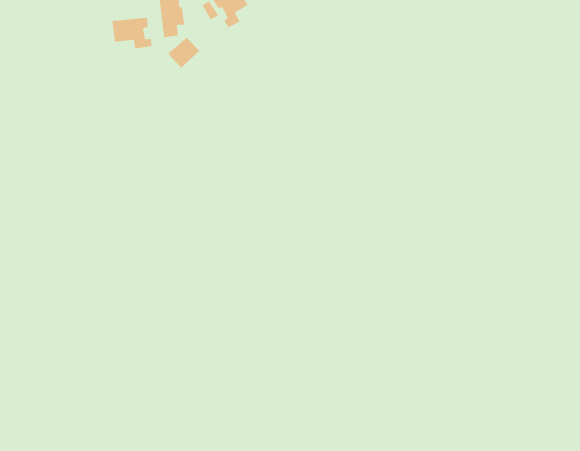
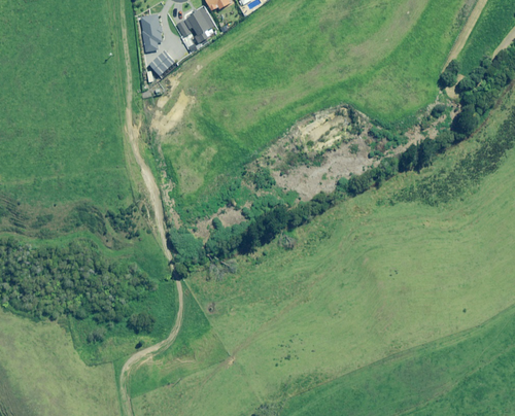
building: [112,17,152,49] -> none

